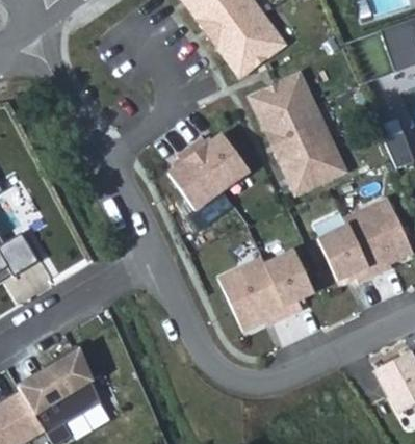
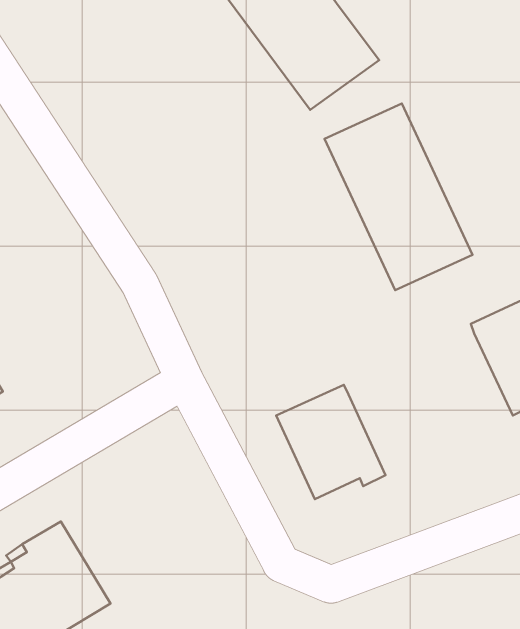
building: [170,133,249,208] -> none
building: [315,223,370,282] -> none
building: [264,249,313,314] -> none

